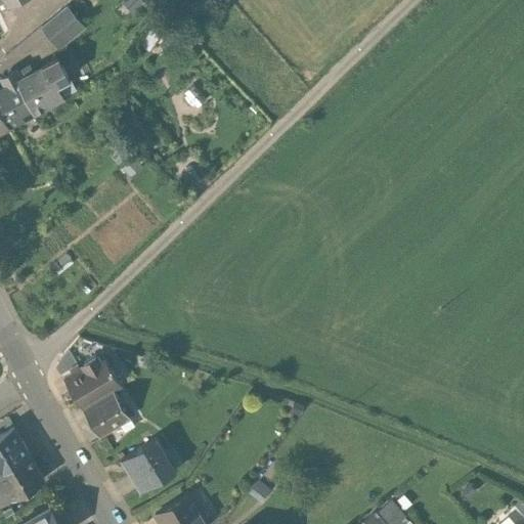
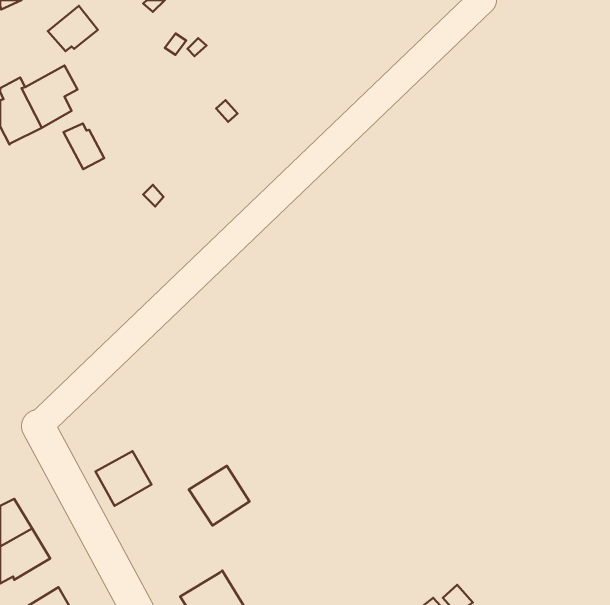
building: none -> [64,124,104,169]
building: [67,357,122,408] -> none
building: [122,442,174,493] -> [189,466,250,525]

